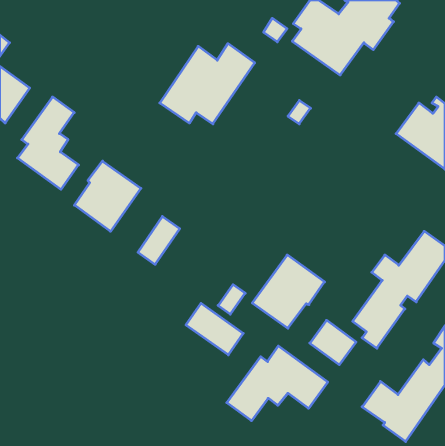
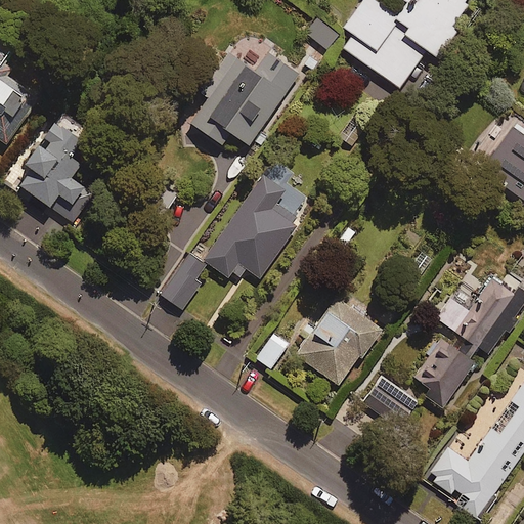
building: none -> [204,176,300,282]
building: [74,161,141,231] -> none
building: [186,303,243,355] -> none
building: [227,346,328,421] -> none

